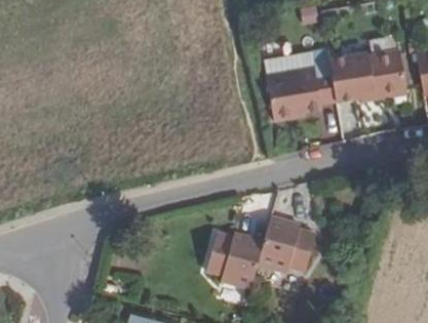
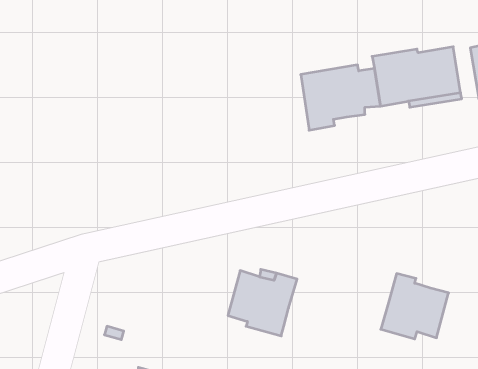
building: [259,223,316,278] -> [381,274,449,339]

